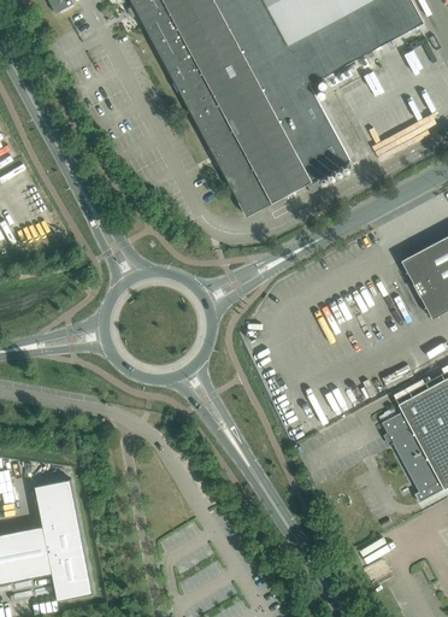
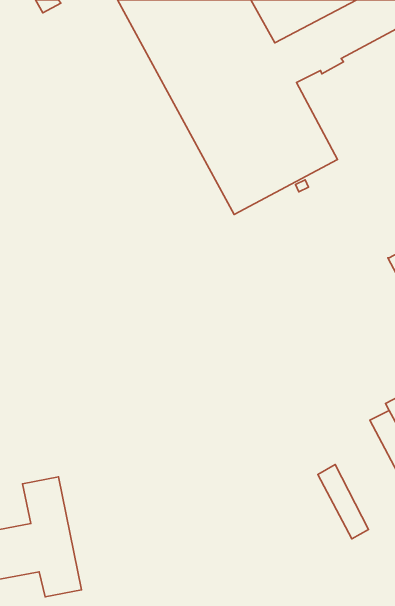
building: none -> [318,465,368,539]

